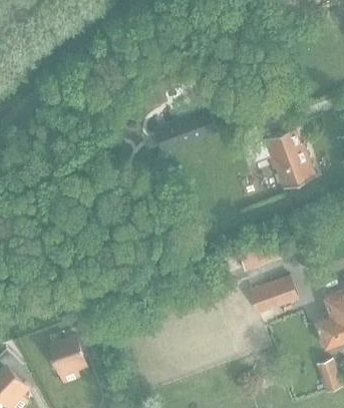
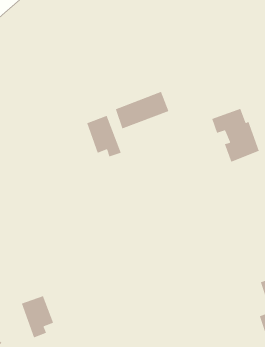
building: none -> [86,115,122,158]
building: [249,275,298,315] -> none

